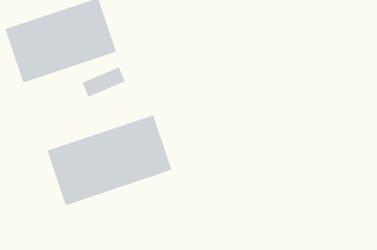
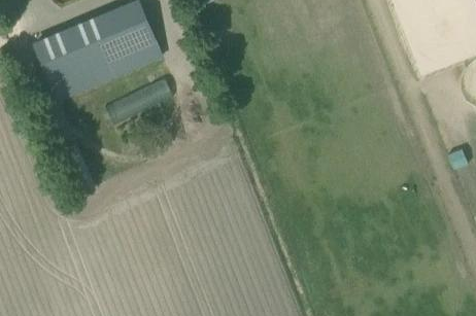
building: [47,114,172,206] -> none

